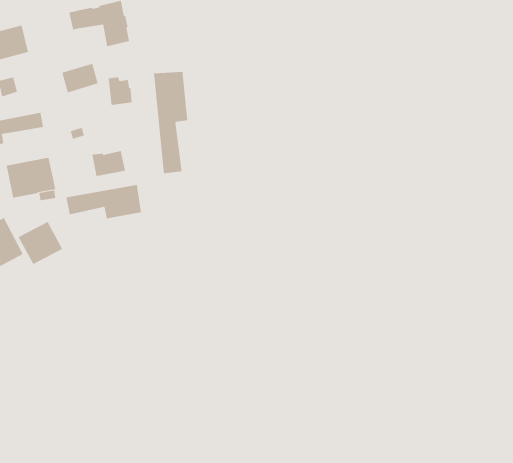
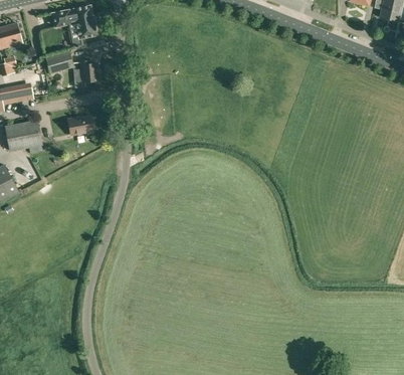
building: [153,71,188,174] -> none
building: [66,184,142,219] -> none
building: [18,221,63,265] -> none

